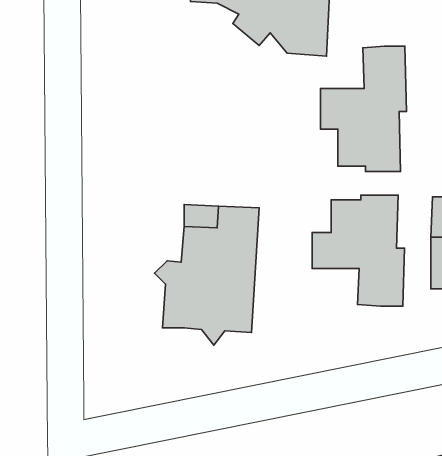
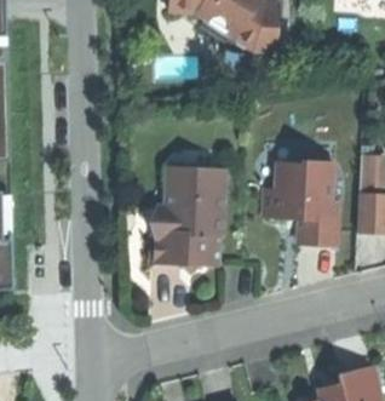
building: [320,46,406,171] -> none

